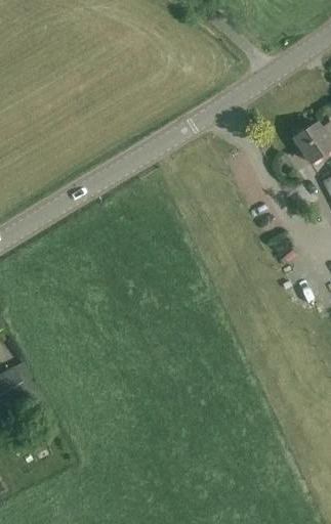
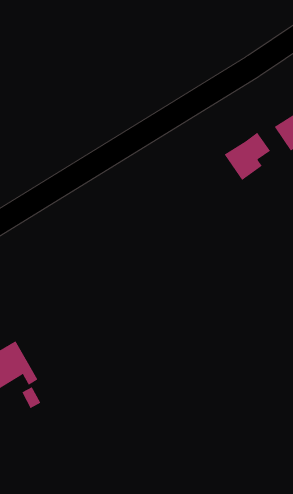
building: none -> [224,132,271,181]

